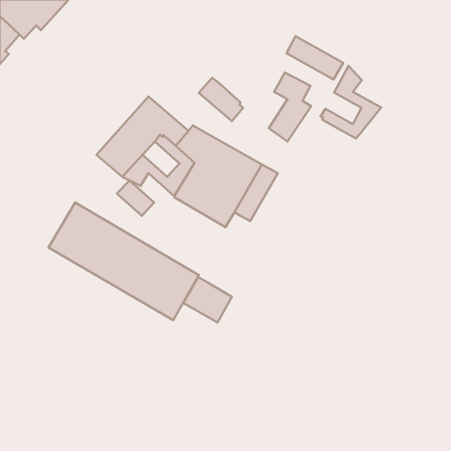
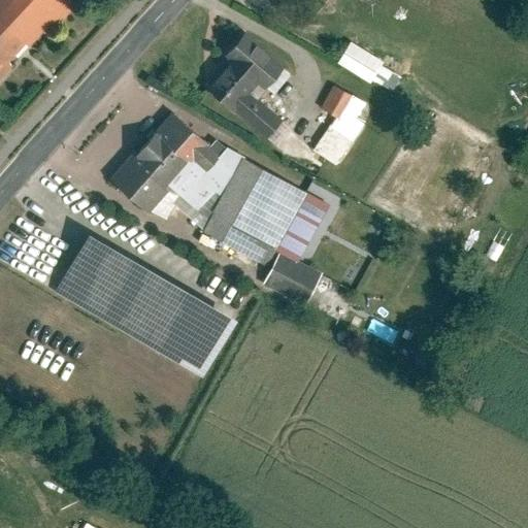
building: none -> [205,34,274,108]
building: [320,66,381,139] -> none
building: [117,180,154,216] -> [166,165,209,206]
building: [183,277,232,322] -> [263,252,320,304]

